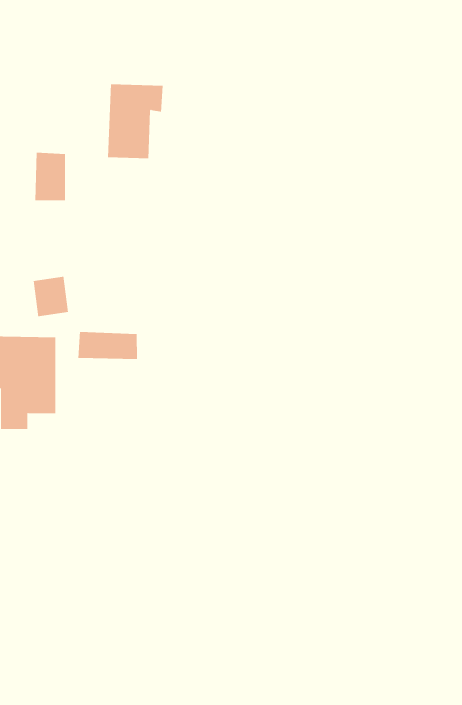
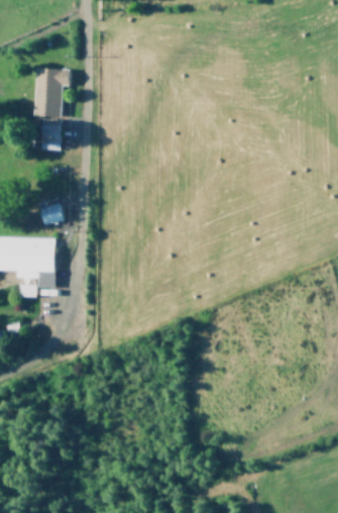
building: [107,84,163,159] -> [33,68,70,116]
building: [78,331,138,360] -> none

